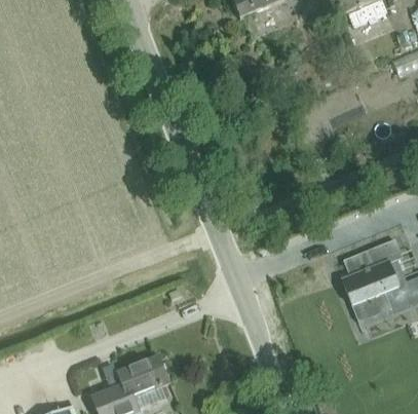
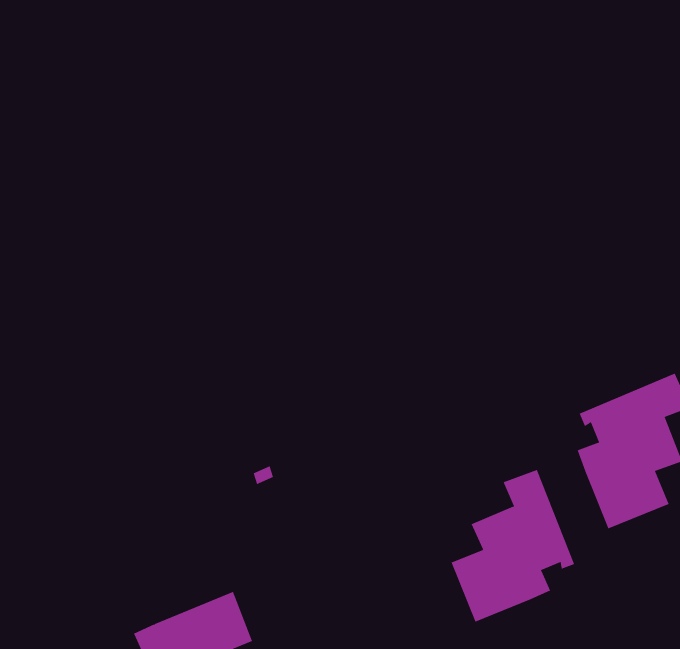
building: none -> [451,469,575,623]

